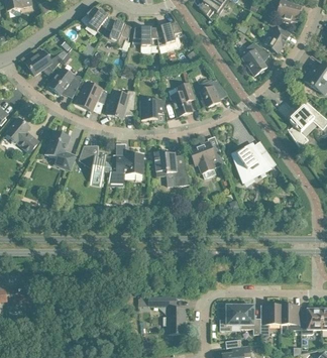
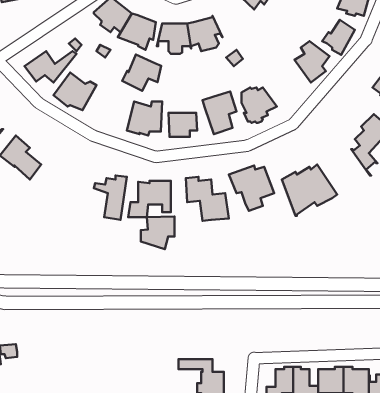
building: [76,81,107,110] -> [122,55,161,91]
building: [45,130,76,169] -> none
building: none -> [141,217,174,249]

